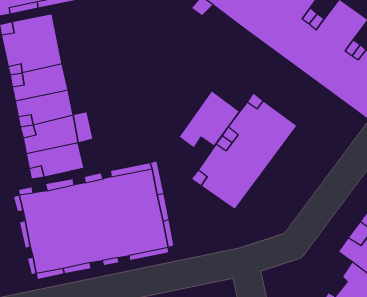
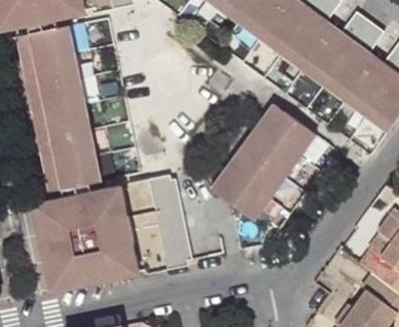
building: [179,91,240,148] -> none

